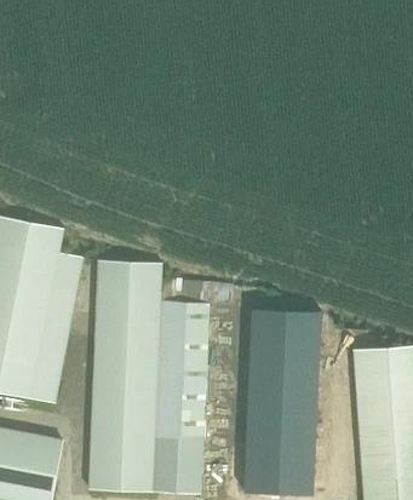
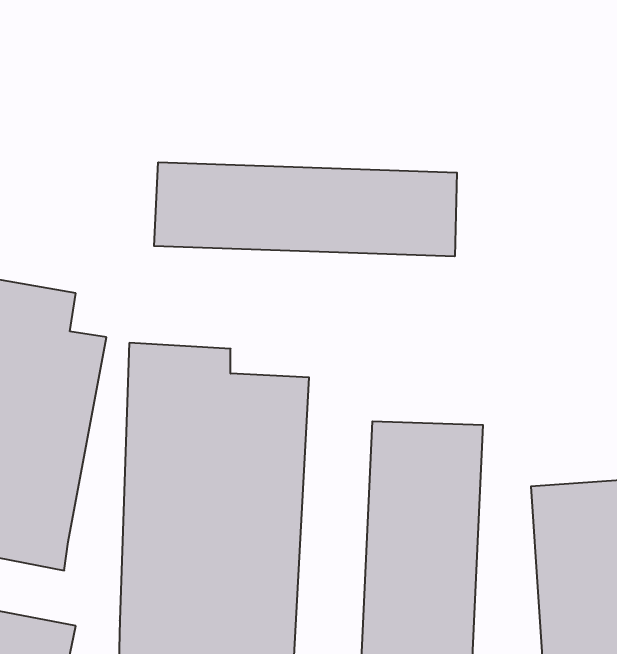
building: none -> [154,162,457,256]

